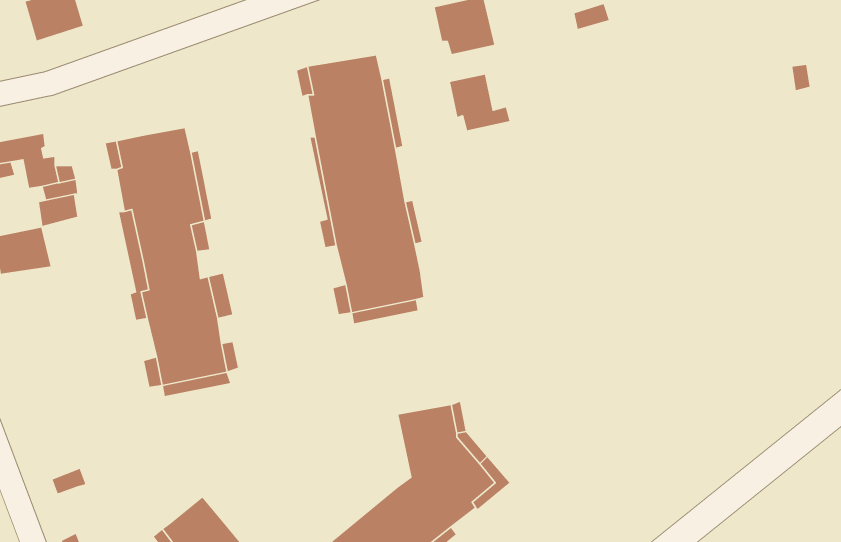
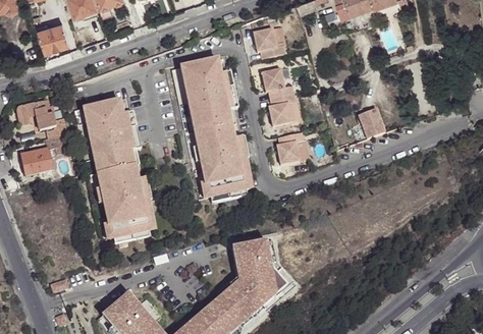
building: none -> [269,96,296,127]
building: none -> [358,110,386,141]
building: none -> [277,134,310,166]

